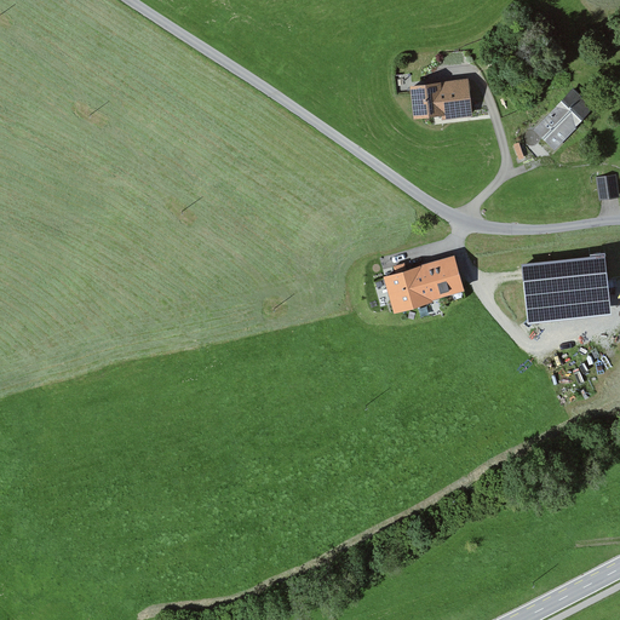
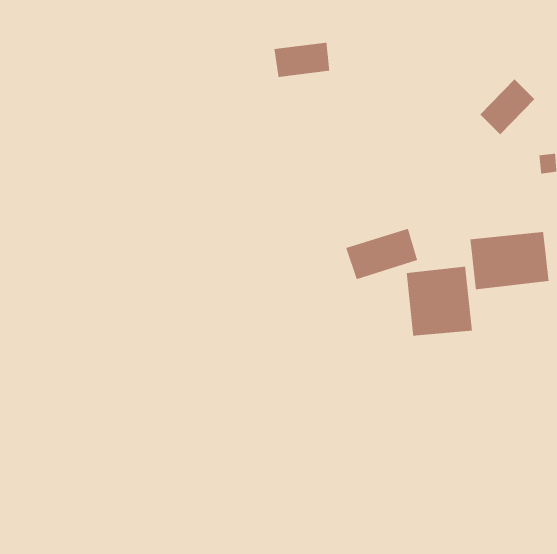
building: [408,80,471,120] -> [274,42,330,78]
building: none -> [406,266,473,336]

